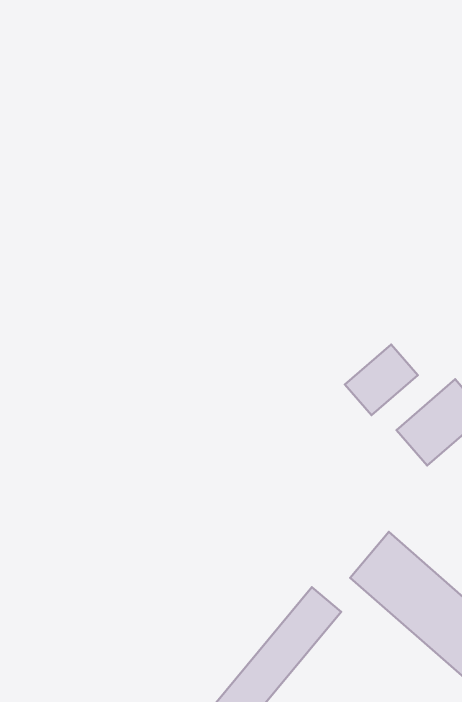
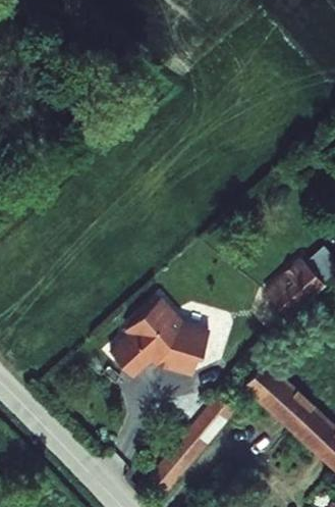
building: [345,344,418,415] -> none
building: none -> [114,297,214,374]

